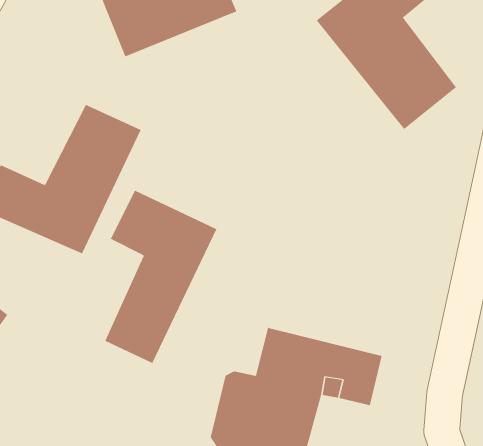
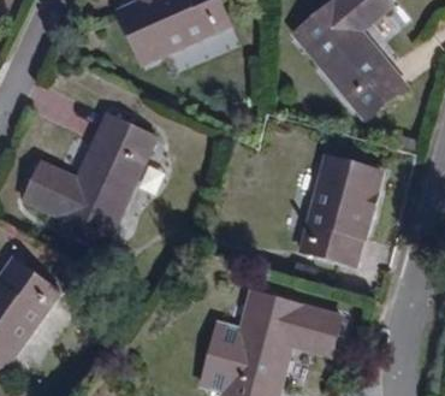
building: none -> [304,160,384,267]
building: [104,190,217,364] -> none

